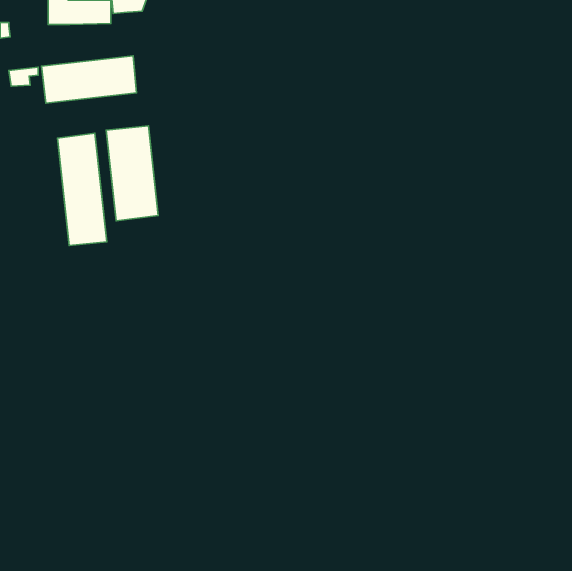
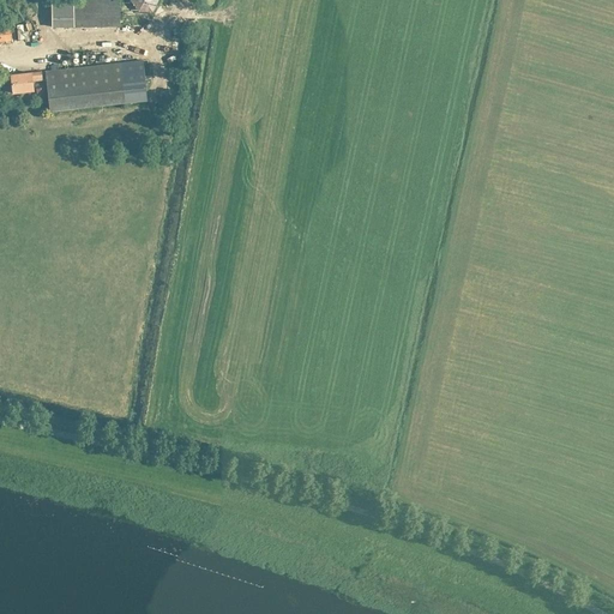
building: [106,126,158,221] -> none
building: [58,133,107,246] -> none

